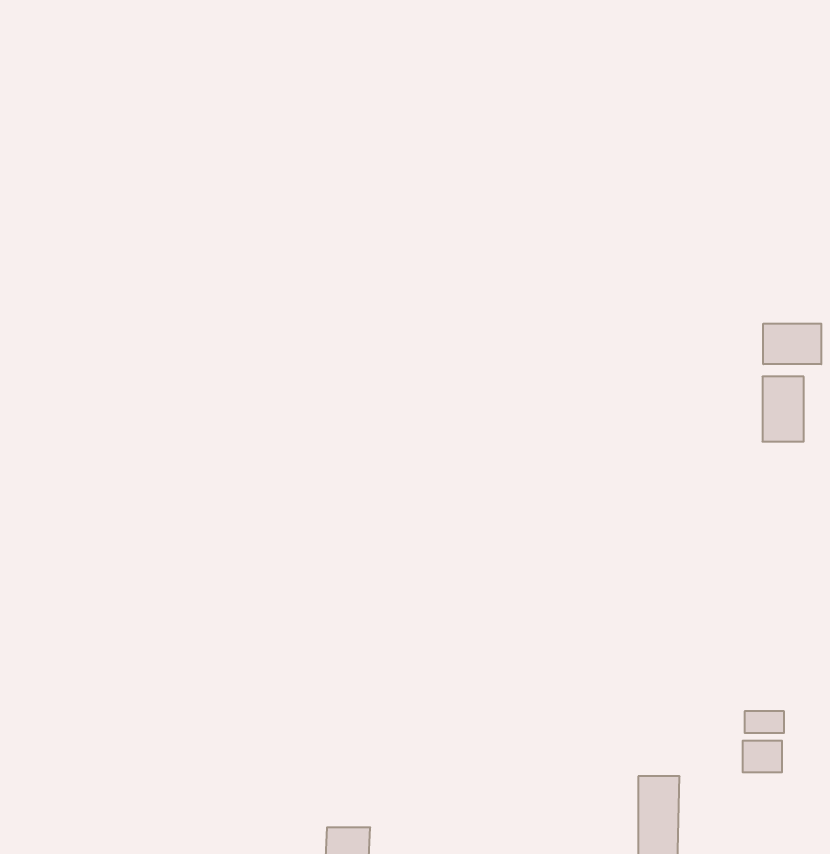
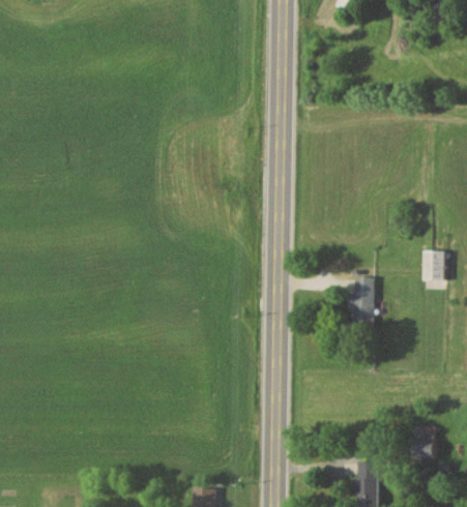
building: [763,324,821,364] -> none
building: none -> [350,278,374,329]

